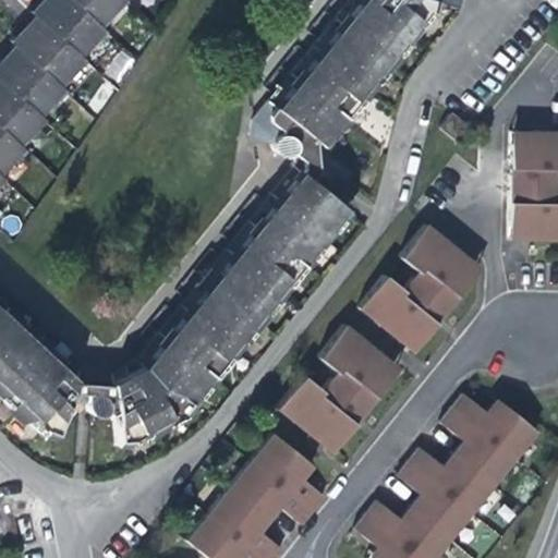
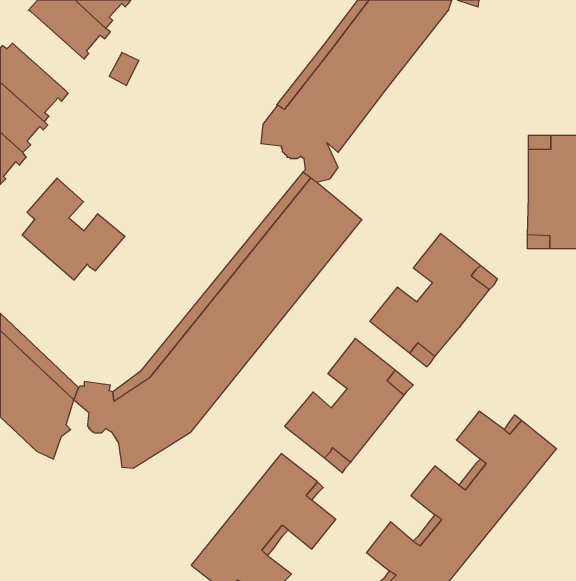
building: [12,12,90,87] -> none
building: none -> [22,178,125,280]

